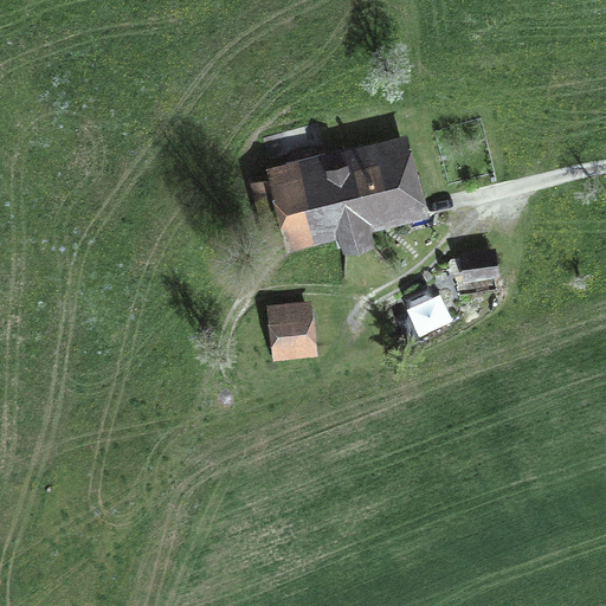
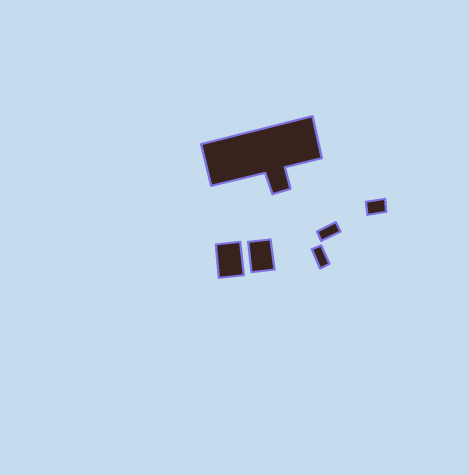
building: none -> [248,240,275,272]

